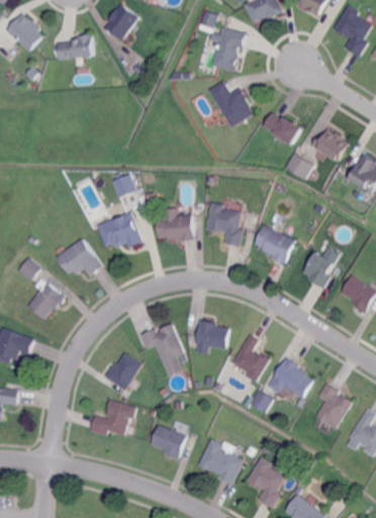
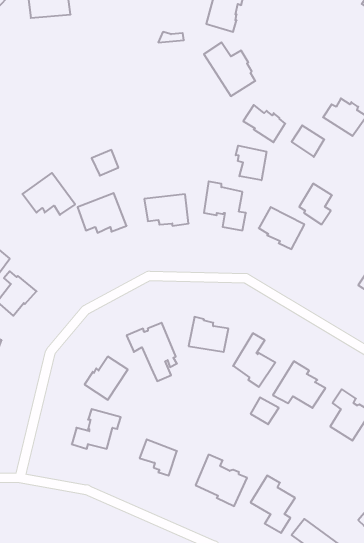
building: [264,112,300,145] -> [243,105,285,142]
building: none -> [236,146,266,180]
building: [55,238,100,274] -> [22,173,75,215]
building: [304,251,333,286] -> [299,184,332,224]

